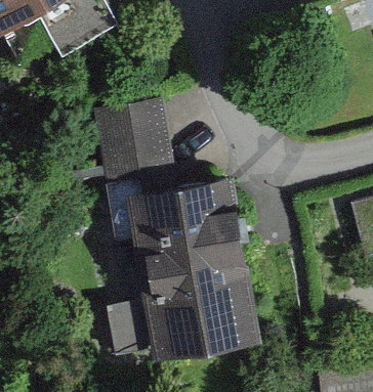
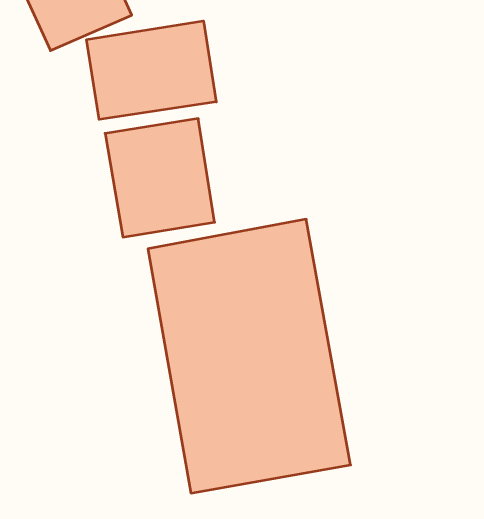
building: none -> [87,21,216,119]

